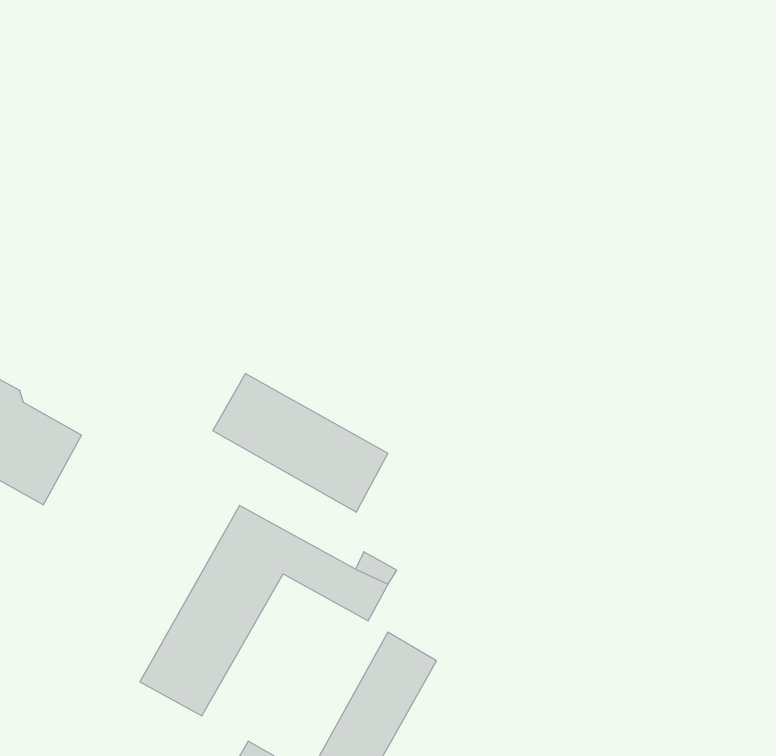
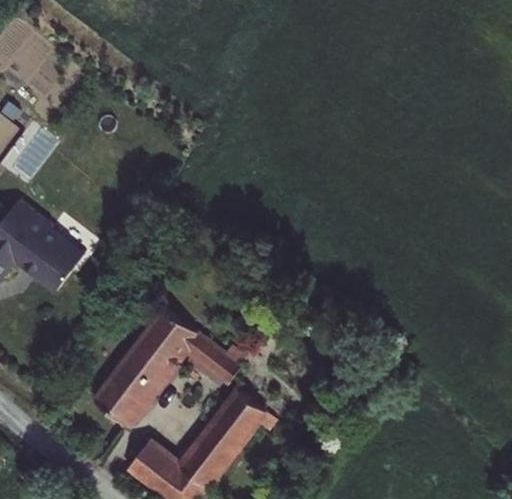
building: [213,374,388,512] -> none

